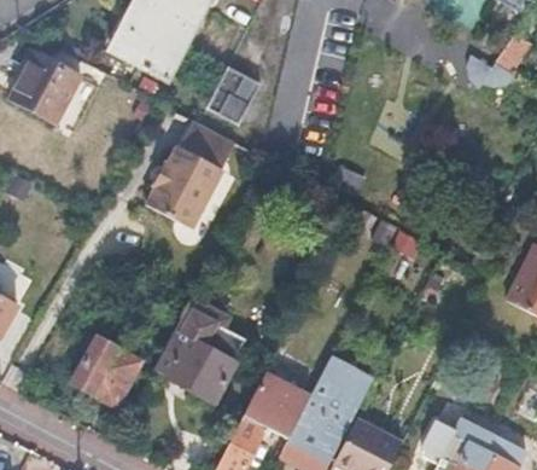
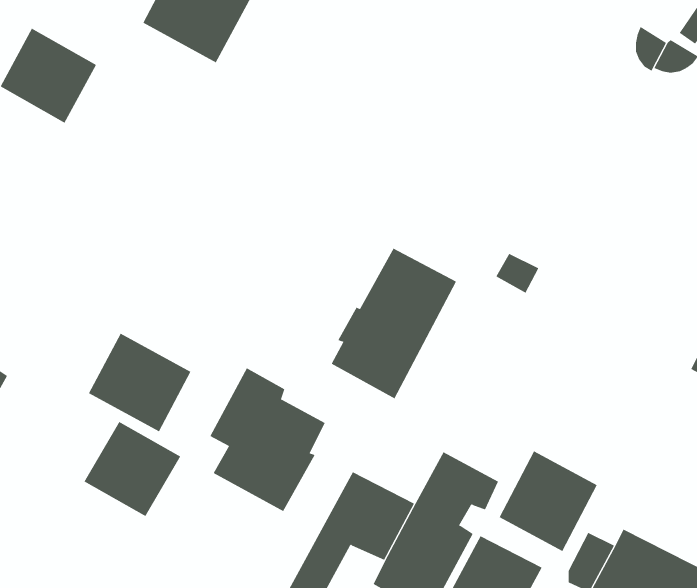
building: [206,66,263,126] -> none
building: [146,117,237,226] -> [331,248,457,399]
building: none -> [88,333,191,432]
building: none -> [499,450,597,552]

